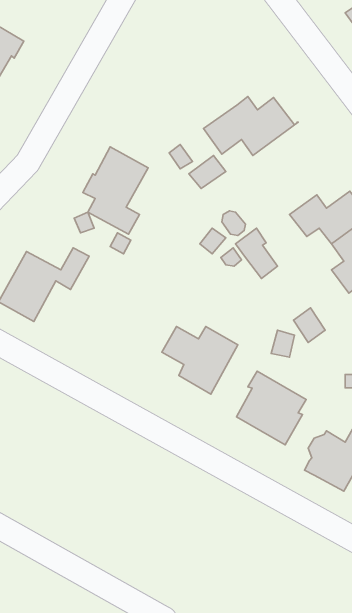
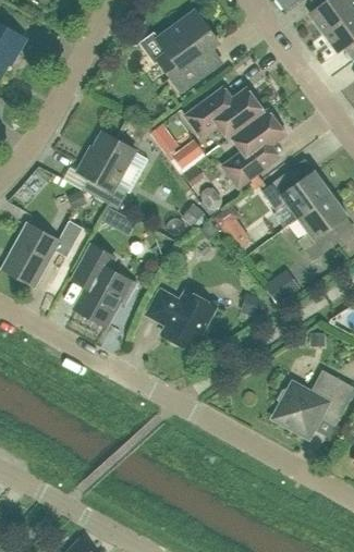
building: none -> [158,12,221,90]
building: none -> [222,110,288,188]
building: none -> [73,245,137,327]
building: [236,371,306,445] -> none

